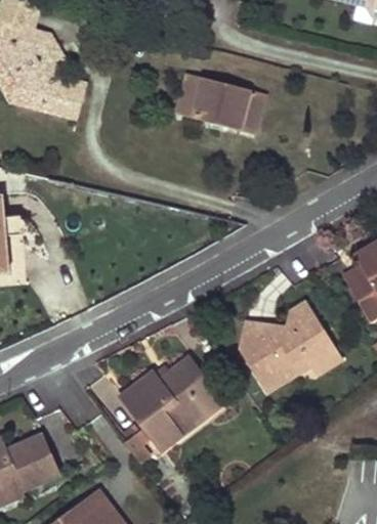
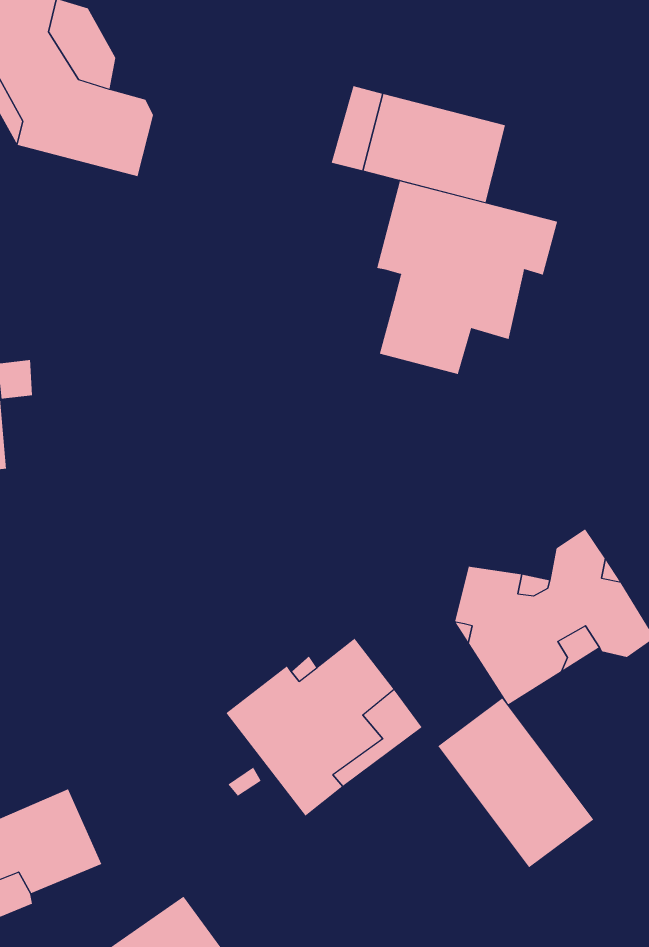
building: none -> [376,180,558,375]
building: none -> [437,698,594,868]

